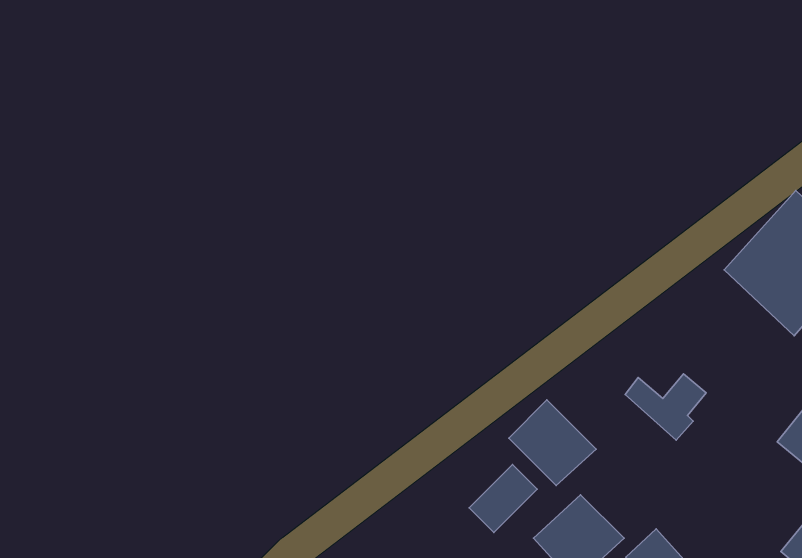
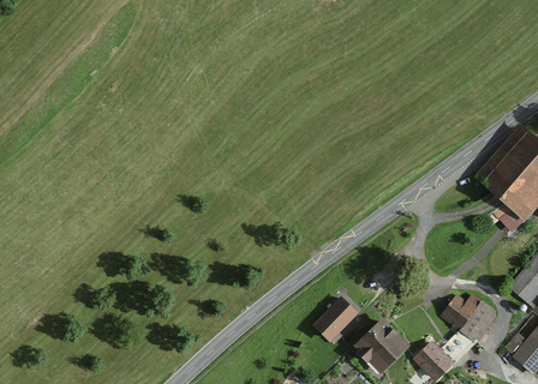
building: [625,374,706,440] -> [442,300,494,342]
building: [509,400,596,486] -> none

